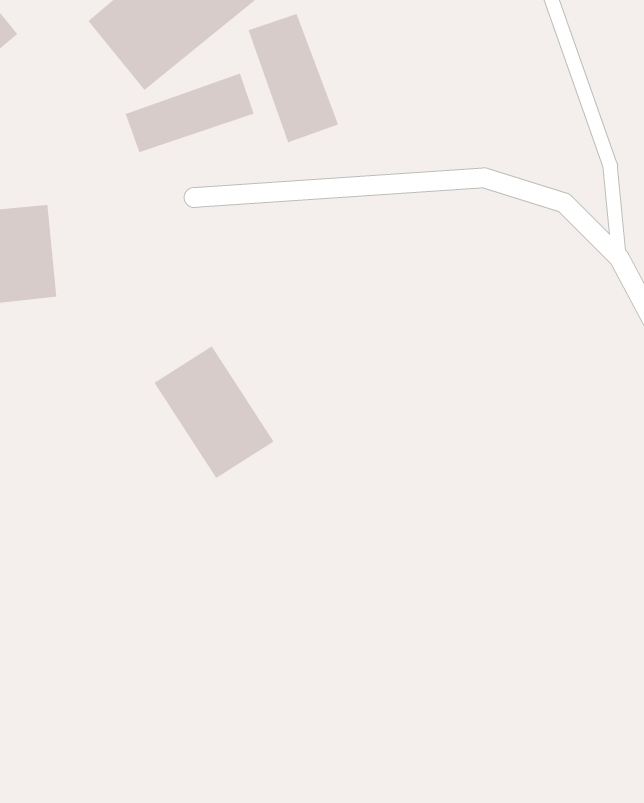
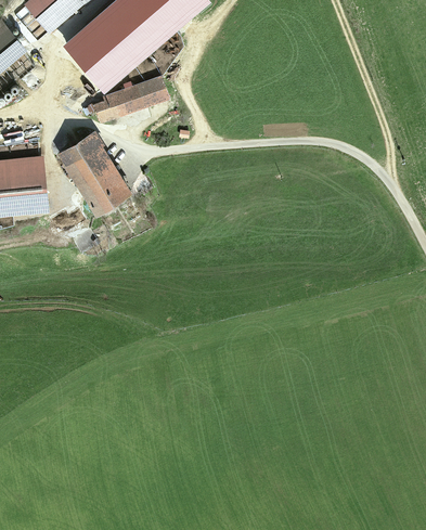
building: [248,13,339,143] -> none
building: [154,345,275,479] -> [57,134,131,216]

